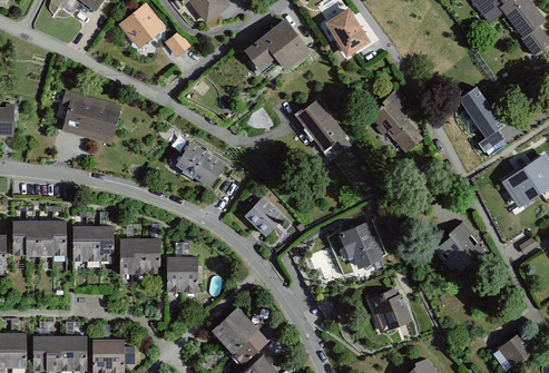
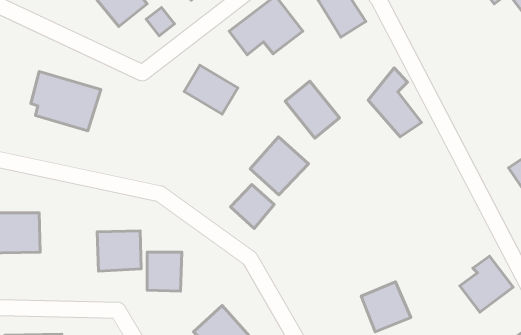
building: [461,87,503,149] -> none
building: [176,144,226,189] -> [184,65,238,114]
building: none -> [250,137,309,195]
building: [336,218,386,269] -> none
building: [434,222,484,274] -> [460,256,513,312]
building: [71,227,114,265] -> none

